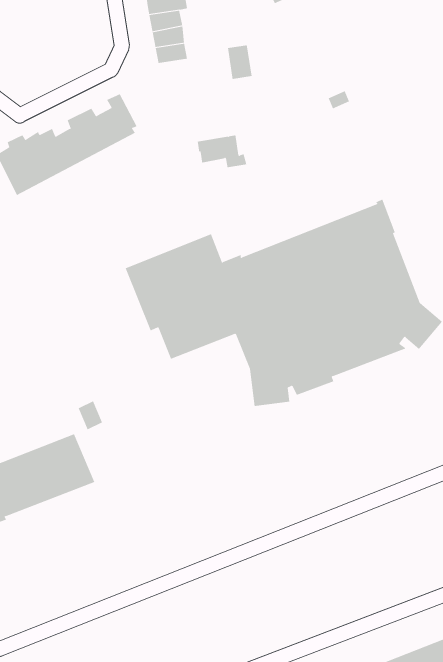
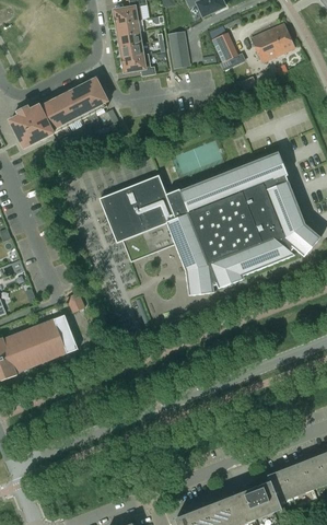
building: none -> [249,23,294,62]
building: none -> [211,32,237,61]
building: [197,135,247,168] -> [120,52,155,75]

